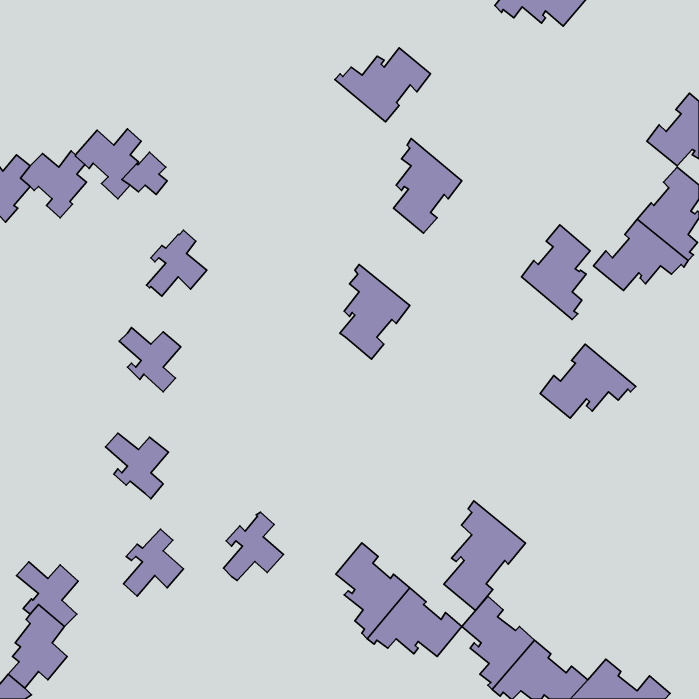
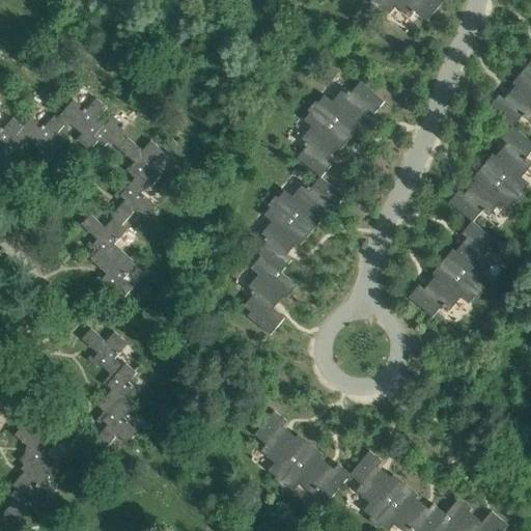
building: [335,48,431,122] -> [311,81,384,137]
building: none -> [118,137,165,186]
building: [522,225,590,319] -> [443,221,495,292]
building: none -> [272,176,343,231]
building: none -> [81,214,128,260]
building: none -> [244,255,297,334]
building: [444,501,526,611] -> none
building: [223,512,284,581] -> [97,363,143,415]

